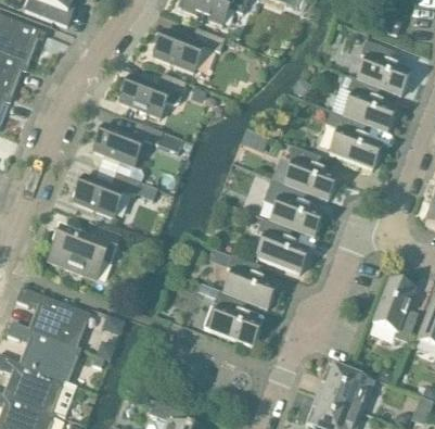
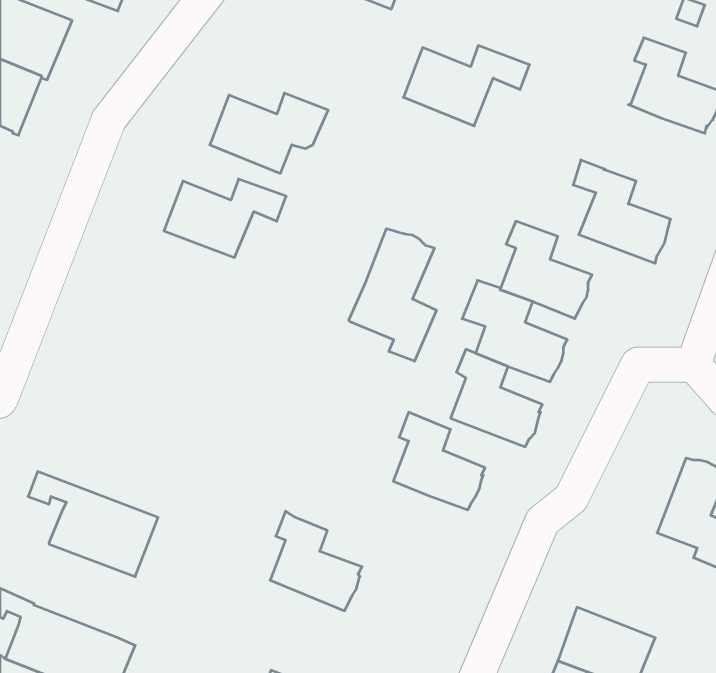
building: [153,26,225,72] -> [403,46,530,126]
building: [343,76,395,131] -> none
building: none -> [349,229,436,361]
building: [73,172,140,216] -> none
building: [50,225,119,277] -> none
building: [209,289,261,345] -> [270,511,362,611]
building: [8,320,80,381] -> none

